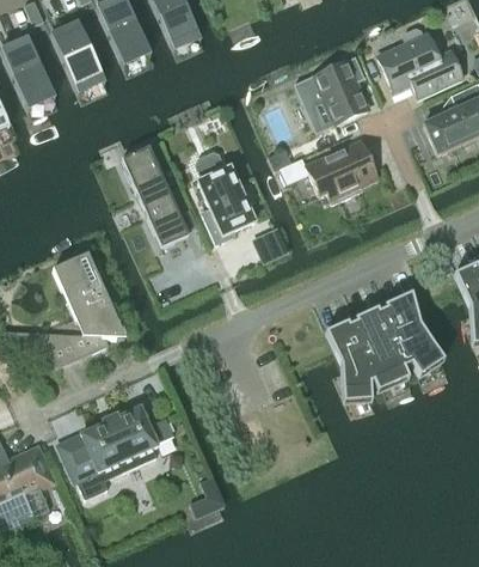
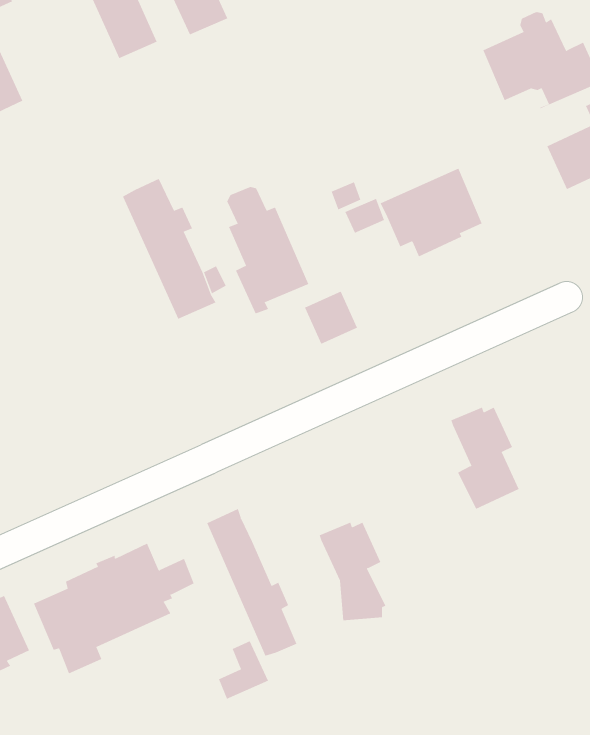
building: [53,29,102,87] -> none
building: [299,56,368,130] -> none
building: [41,252,118,367] -> none
building: [385,293,437,367] -> none
building: [325,322,373,392] -> [319,522,386,621]
building: none -> [206,508,297,656]

